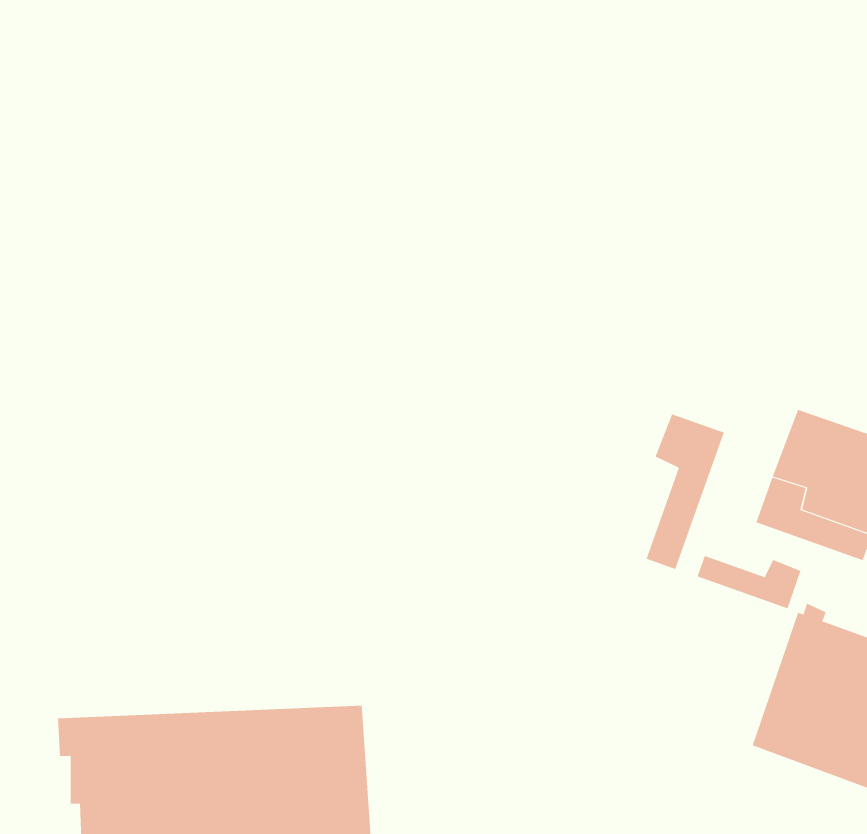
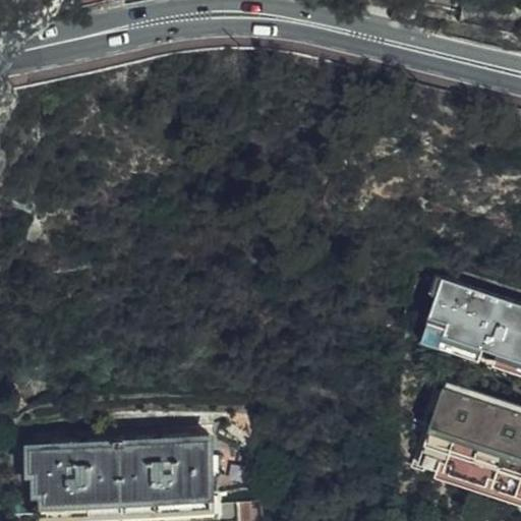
building: [646,414,724,570] -> none
building: [697,555,801,609] -> none

